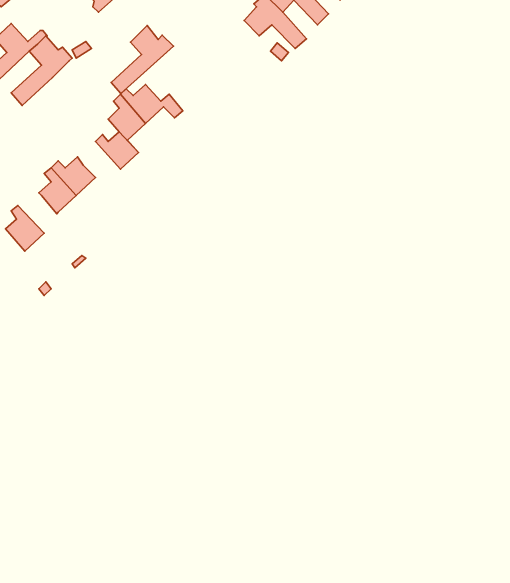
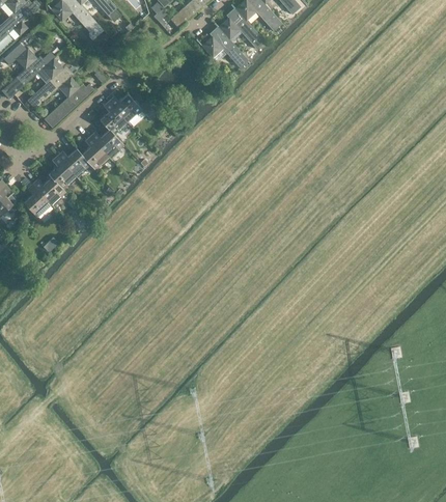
building: [111,25,173,94] -> [44,76,90,127]
building: none -> [81,136,109,169]
building: none -> [32,176,65,204]

